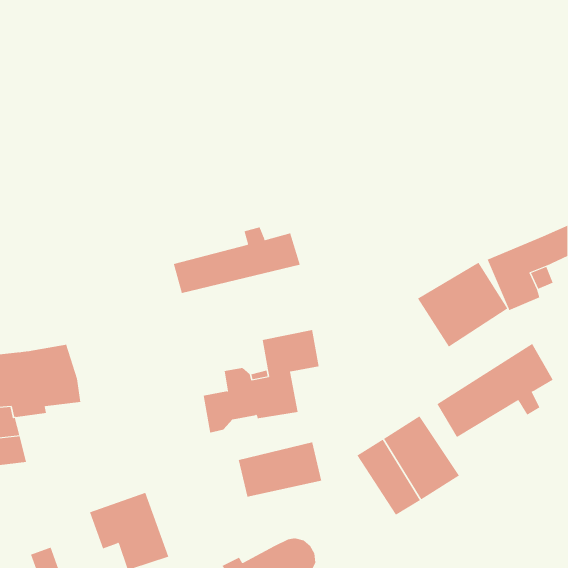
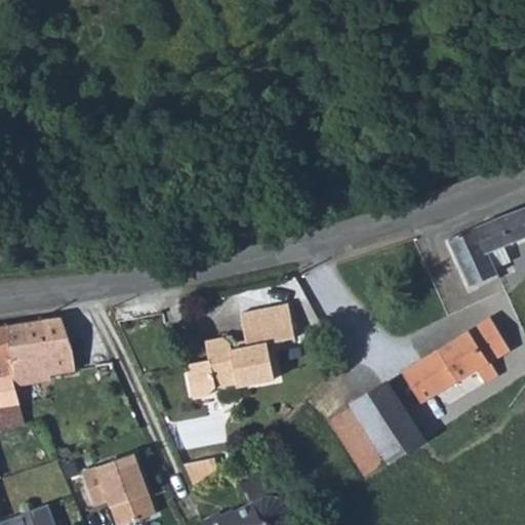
building: [173,227,300,294] -> none
building: [417,262,508,347] -> none
building: [238,441,322,497] -> none

